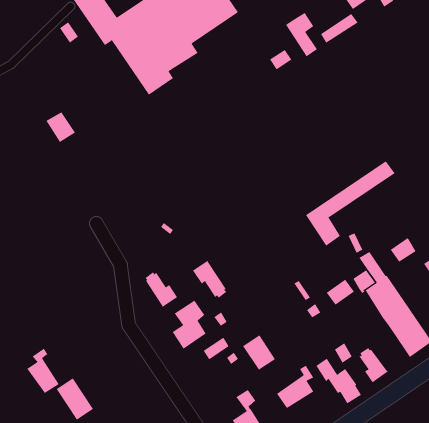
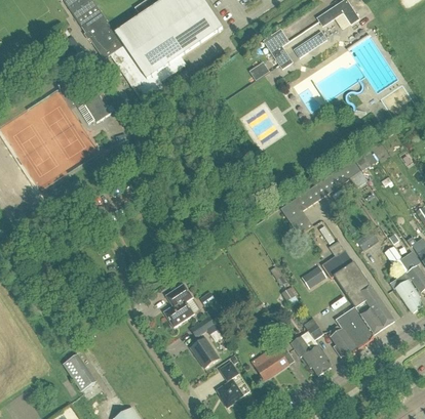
building: [46,112,76,143] -> [84,94,111,122]
building: [192,260,227,299] -> none
building: [145,271,178,308] -> none
building: none -> [335,305,370,345]
building: [242,335,276,371] -> [190,336,220,368]
building: [27,348,60,394] -> none

